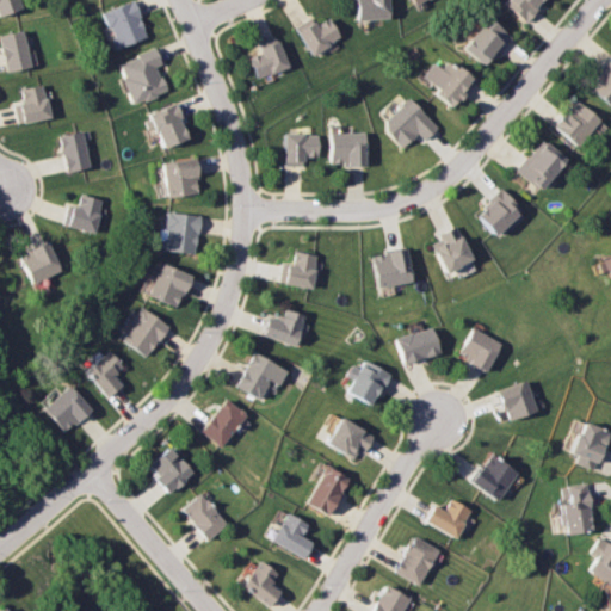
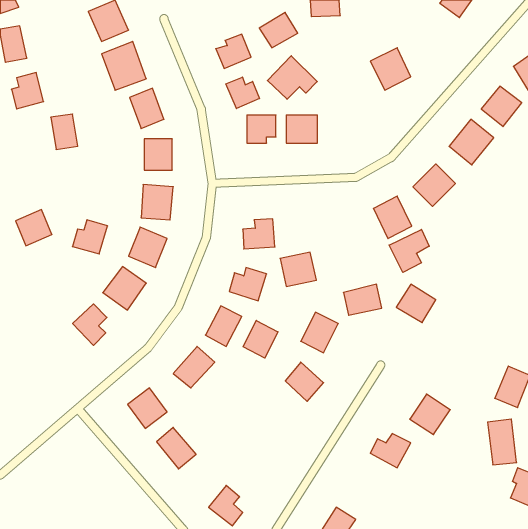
building: [465,19,513,67] -> none
building: none -> [226,77,259,109]
building: [382,98,439,148] -> [267,56,317,99]
building: [64,195,105,234] -> [72,220,108,254]
building: [374,249,415,289] -> [280,252,316,286]
building: none -> [389,229,429,272]
building: none -> [243,320,278,358]
building: [500,381,539,422] -> none
building: [44,385,93,433] -> none
building: [307,467,352,517] -> none
building: [273,513,316,560] -> none
building: [396,537,442,587] -> none

